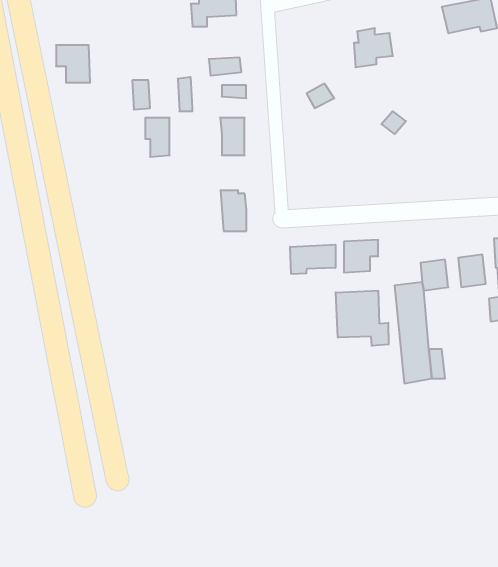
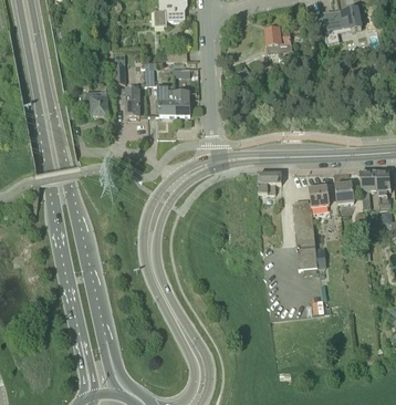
building: [56,45,90,83] -> [84,90,107,115]
building: [220,190,246,231] -> [156,86,174,114]
building: [290,245,335,274] -> none
building: [336,291,388,346] -> none

